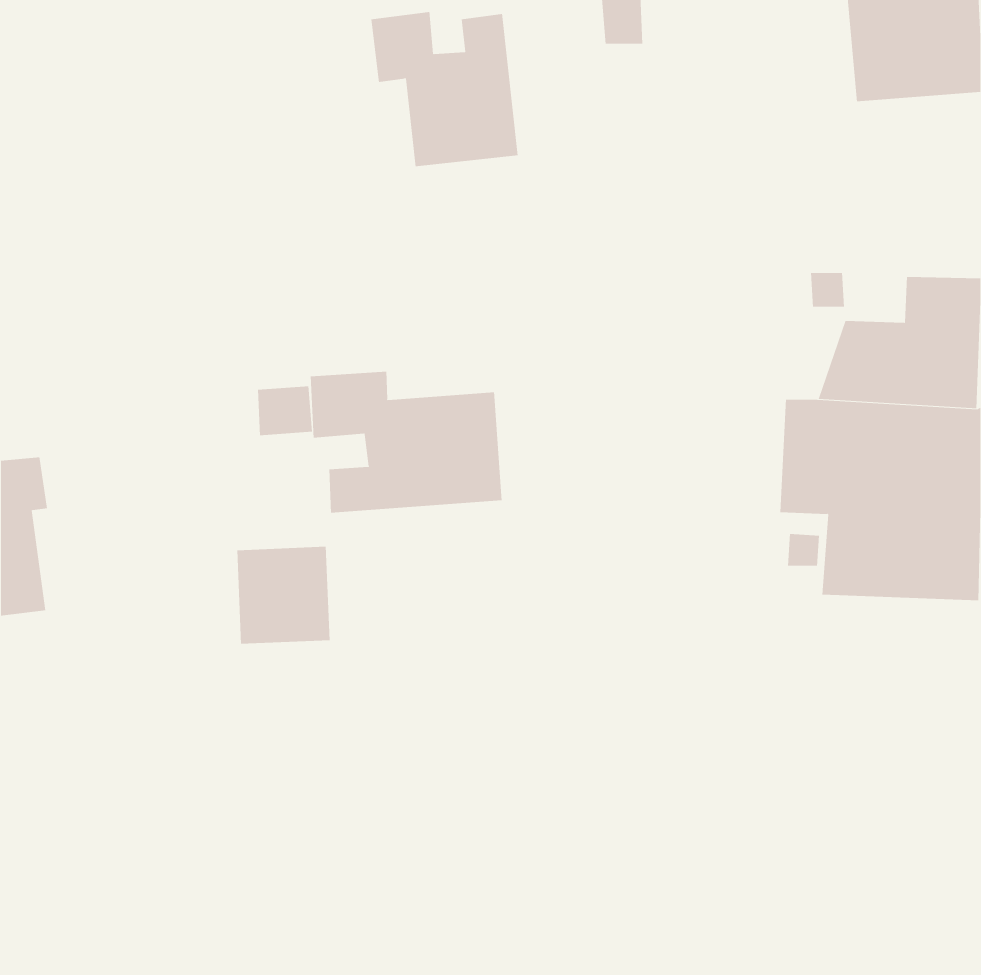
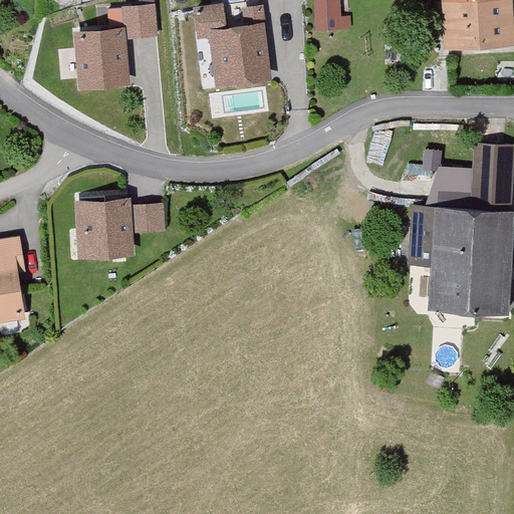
building: none -> [73,8,158,90]
building: [310,371,502,513] -> none
building: [236,546,330,644] -> [81,200,131,251]

